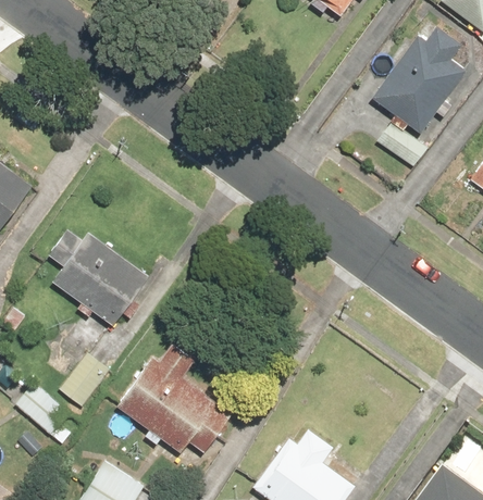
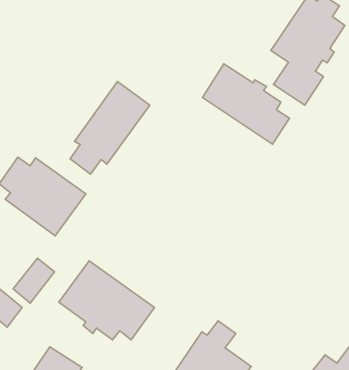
building: none -> [202,64,290,144]
building: none -> [70,82,150,174]

